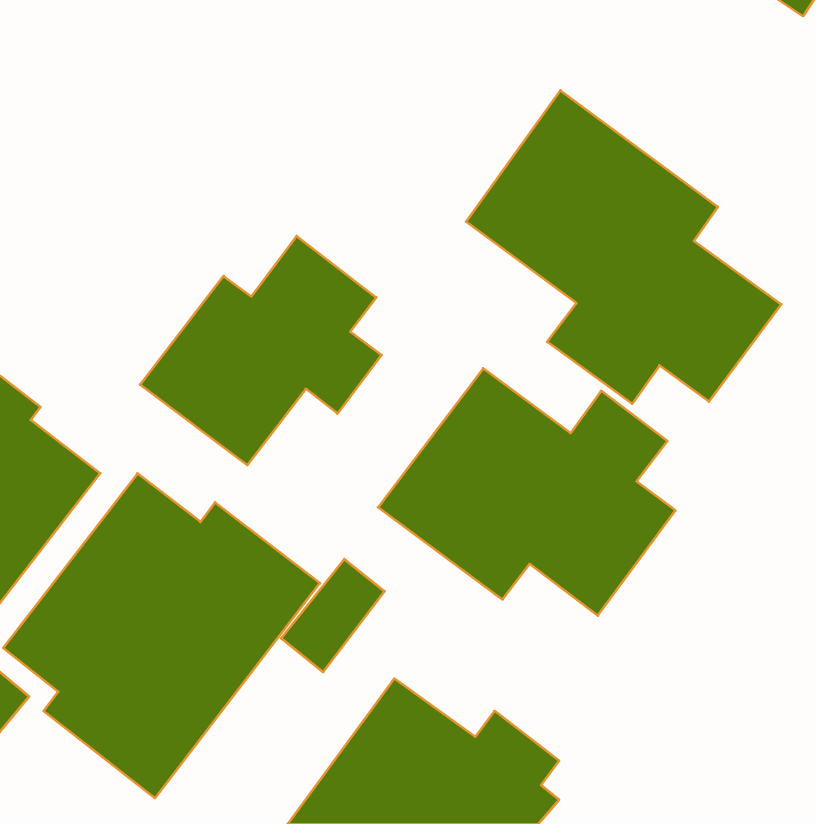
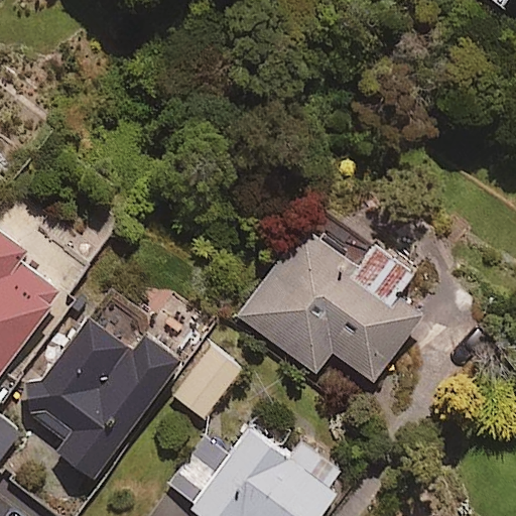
building: [466,90,781,404] -> none
building: [140,236,382,465] -> none

